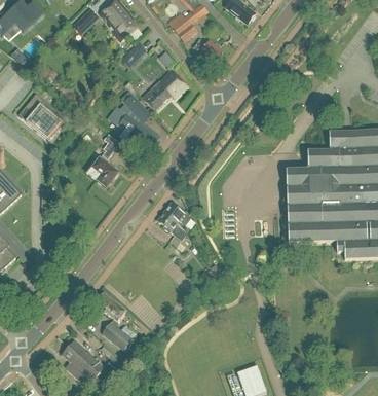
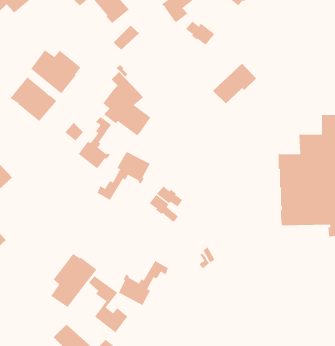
building: none -> [30,50,81,94]
building: [142,69,186,110] -> [212,63,257,104]
building: none -> [97,151,151,201]
building: none -> [50,253,97,308]
building: none -> [118,260,169,306]

